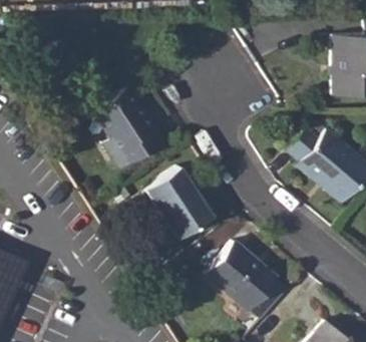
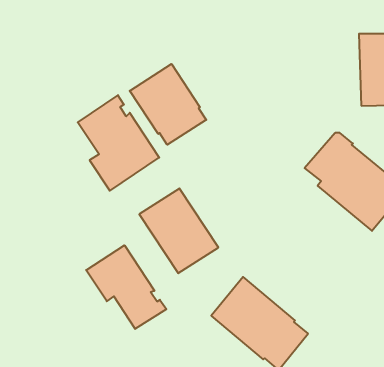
building: none -> [130,64,206,145]
building: none -> [86,245,166,329]

